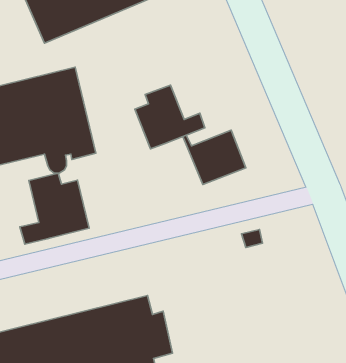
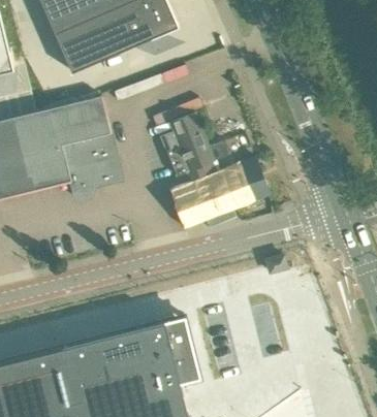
building: none -> [168,164,227,229]
building: [20,173,89,244] -> none

